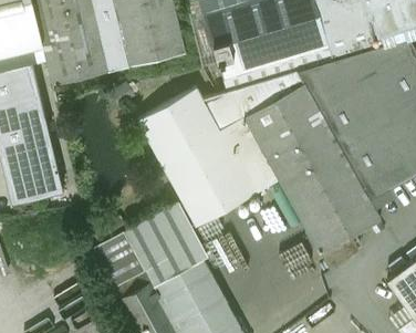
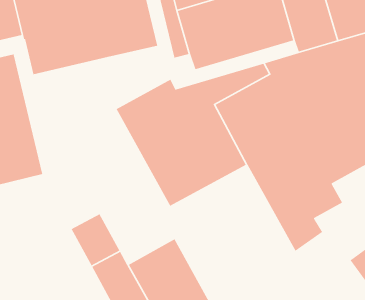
building: [123,202,207,287] -> none

